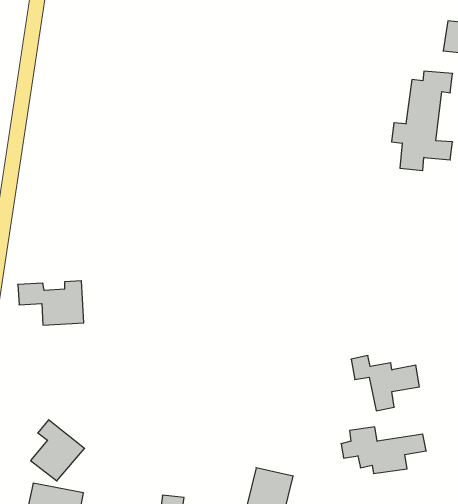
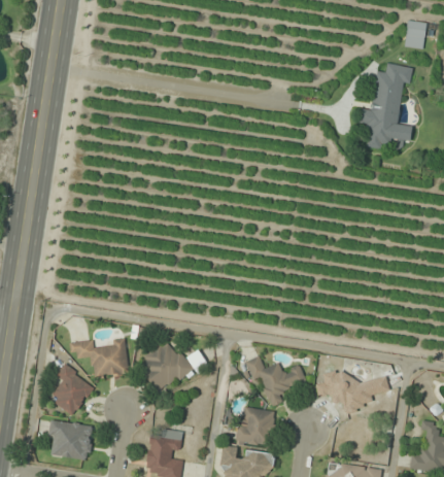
building: [18,281,84,325] -> [72,338,129,376]
building: [351,356,419,411] -> [246,357,305,405]
building: none -> [137,340,190,393]

